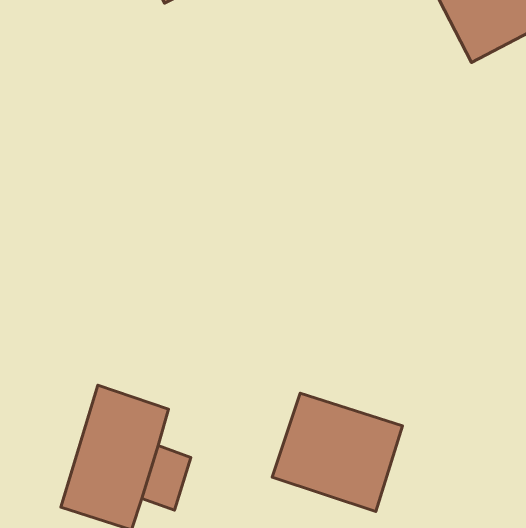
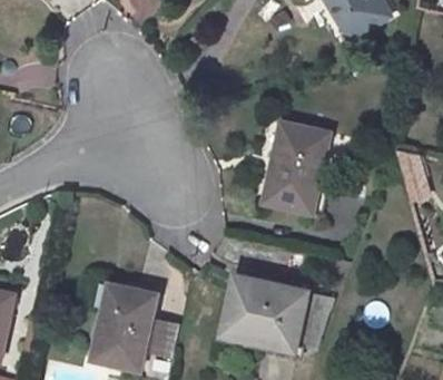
building: none -> [270,118,334,208]

